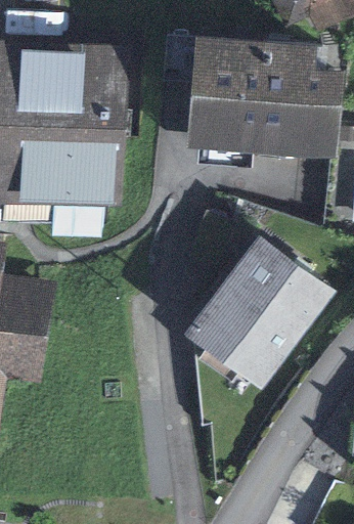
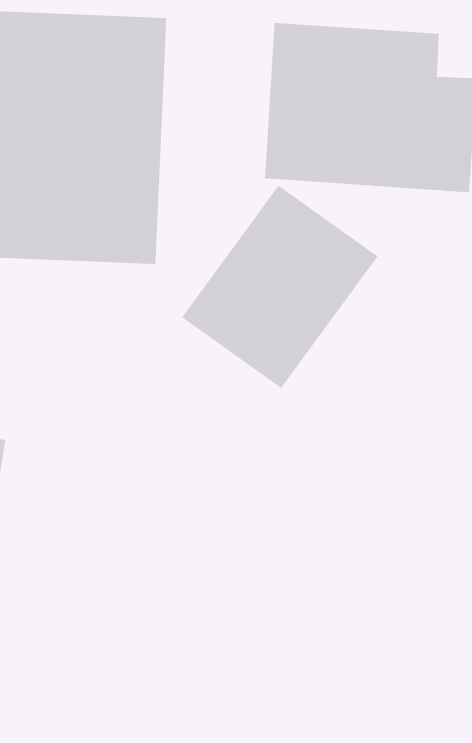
building: [190,253,317,384] -> [181,185,379,389]

